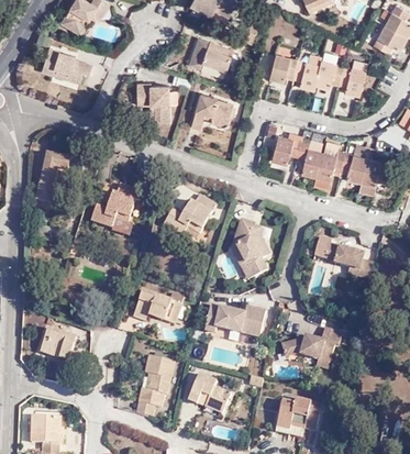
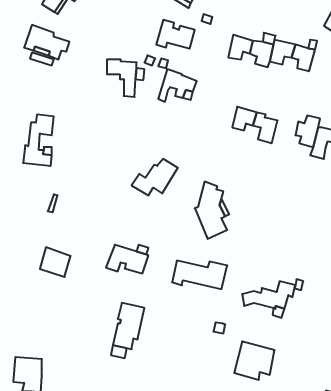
building: [318,148,347,185] -> none
building: [93,181,143,233] -> none
building: [312,234,372,278] -> none
building: [42,324,76,357] -> [40,247,71,277]
building: [190,373,232,419] -> none

